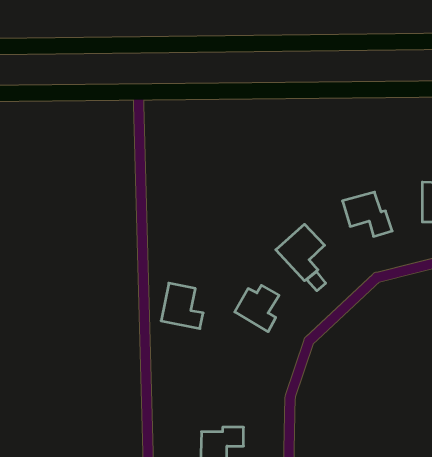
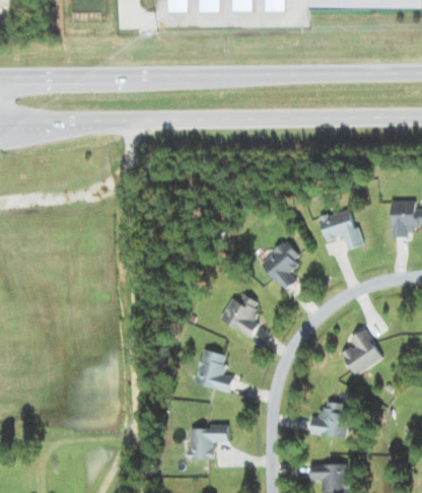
building: [161,283,203,329] -> [195,349,233,391]
building: none -> [341,329,382,375]
building: none -> [309,409,347,436]

